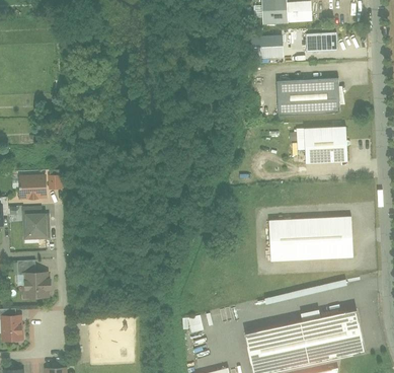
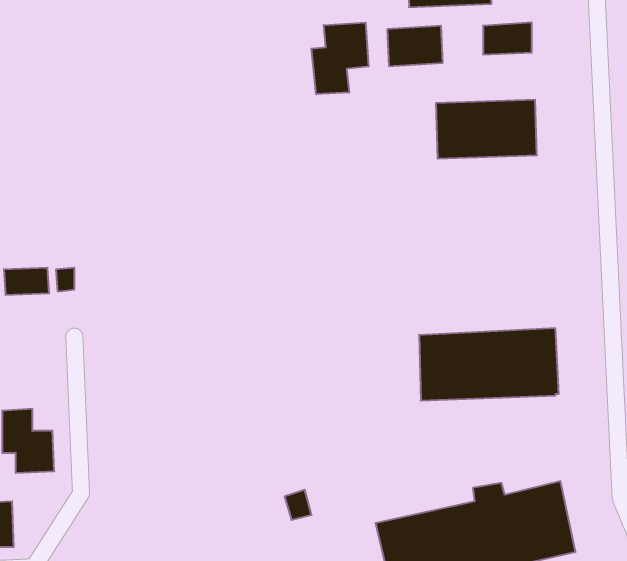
building: none -> [311,23,368,94]
building: [296,124,346,161] -> none
building: [22,210,50,243] -> none

